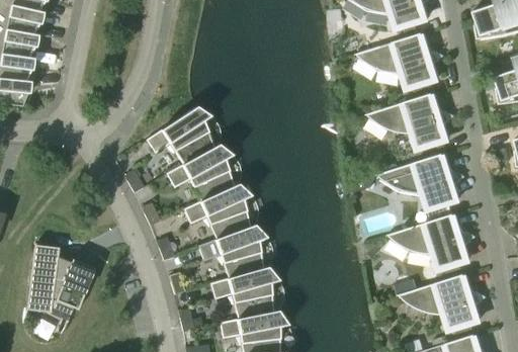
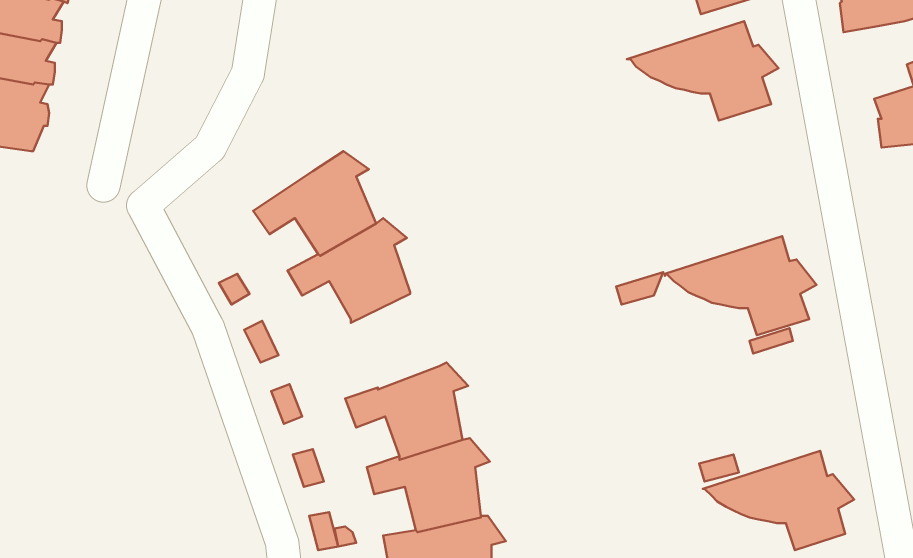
building: [367,94,452,150] -> none
building: [184,184,251,240] -> none
building: [387,214,472,270] -> none
building: [27,240,95,311] -> none

